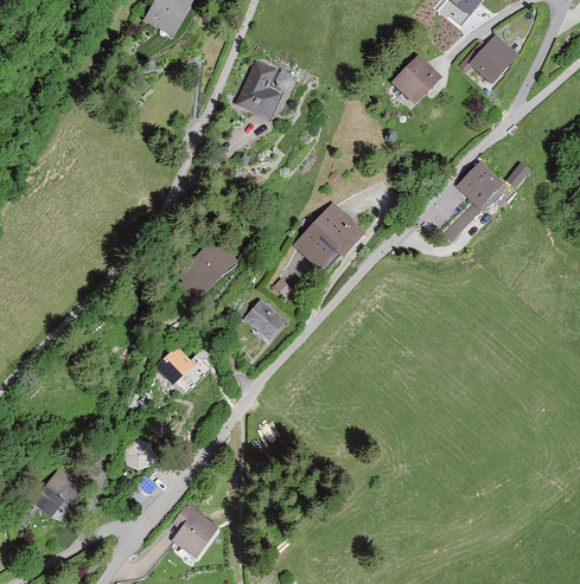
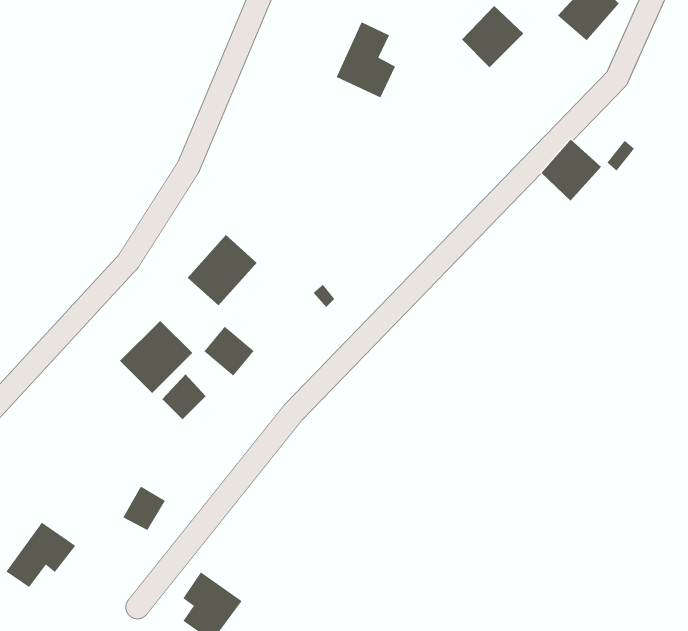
building: [235,60,282,121] -> [336,22,396,98]
building: [294,205,364,269] -> none
building: [244,300,285,340] -> [204,326,254,377]
building: none -> [119,320,193,394]

